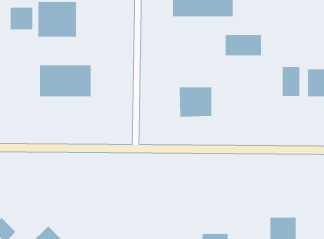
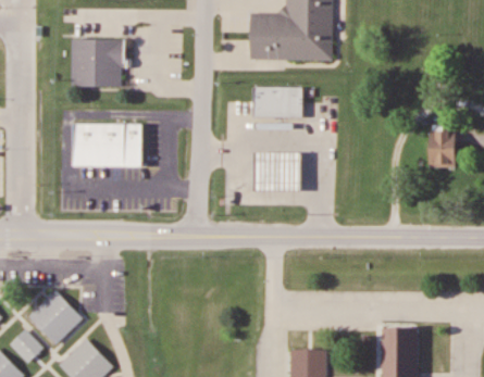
building: [10,7,33,30] -> none
building: [225,35,262,56] -> [253,87,302,115]
building: [282,66,300,97] -> none
building: none -> [28,289,82,343]

